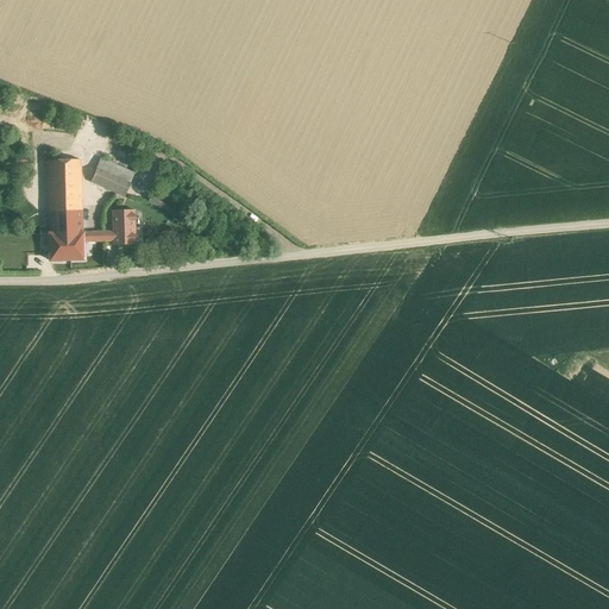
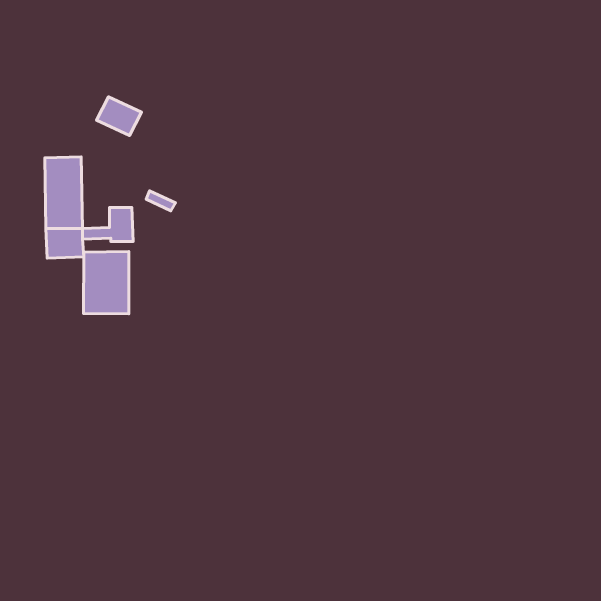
building: [89,157,134,196] -> [97,97,141,136]
building: none -> [84,252,129,314]

